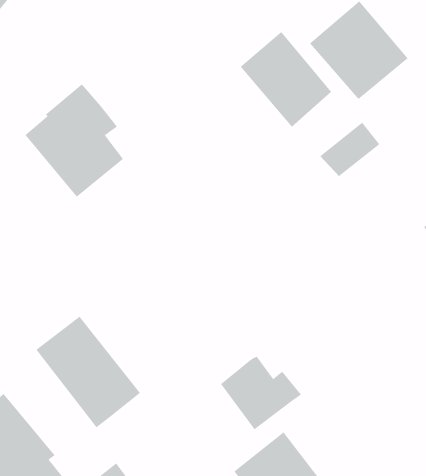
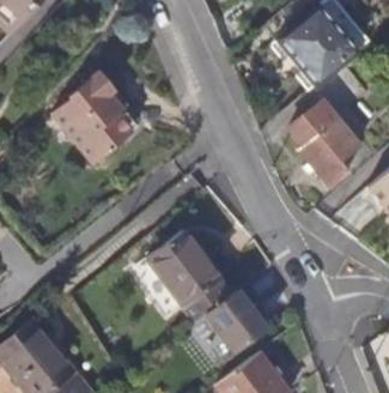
building: [240,31,332,127] -> none
building: none -> [298,120,357,188]
building: [35,316,141,428] -> [146,231,231,322]

